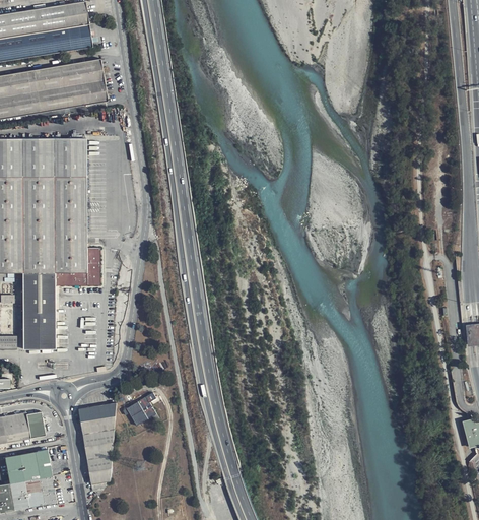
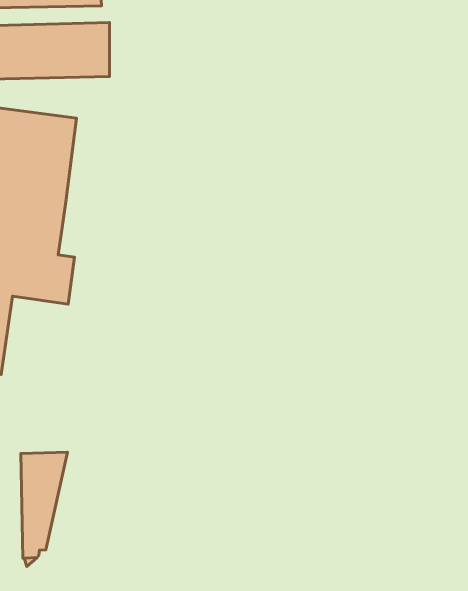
building: [122,392,155,425] -> none

